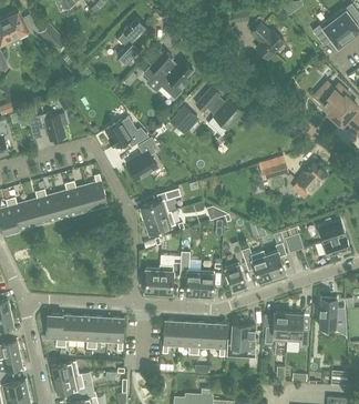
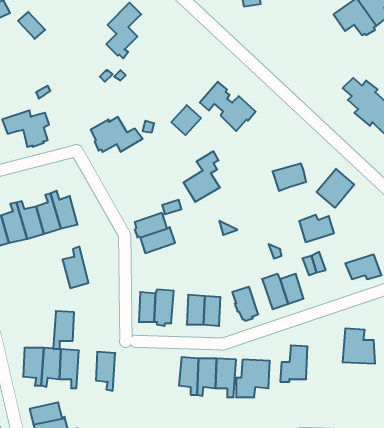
building: [250,23,284,59] -> none
building: [144,51,193,98] -> none
building: [124,135,155,179] -> [183,151,220,202]
building: [85,173,107,209] -> [62,247,88,288]
building: [315,219,345,242] -> [299,215,334,242]
building: [287,313,309,345] -> none
building: [91,316,109,349] -> [53,311,74,349]
building: [162,321,181,353] -> none

